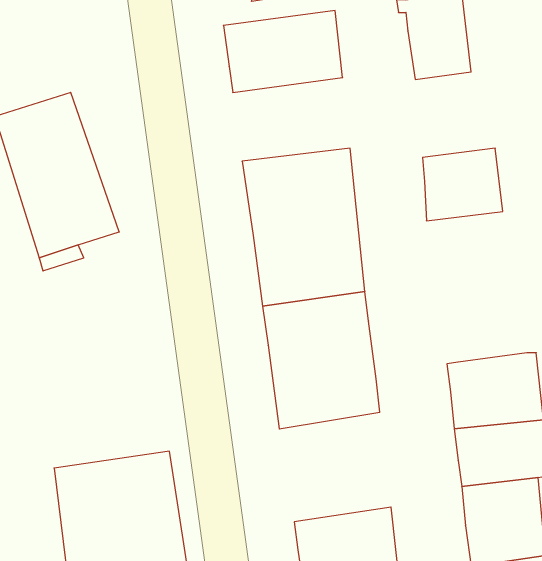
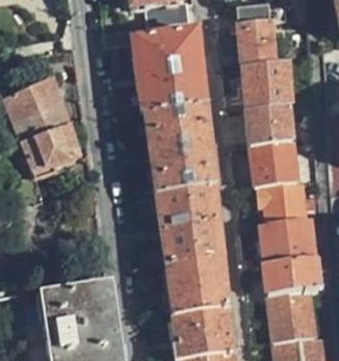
building: none -> [243,67,292,114]
building: none -> [141,70,207,117]
building: none -> [250,145,296,190]
building: none -> [257,189,306,229]
building: none -> [167,257,230,318]

